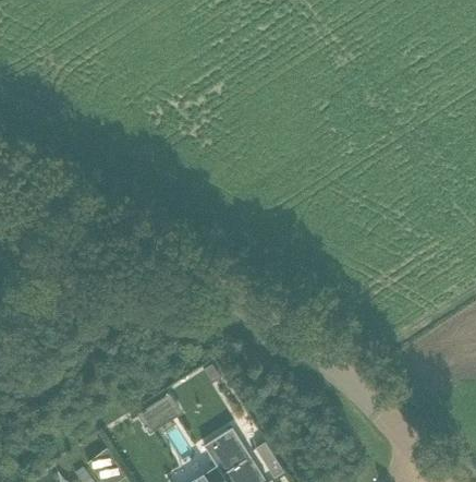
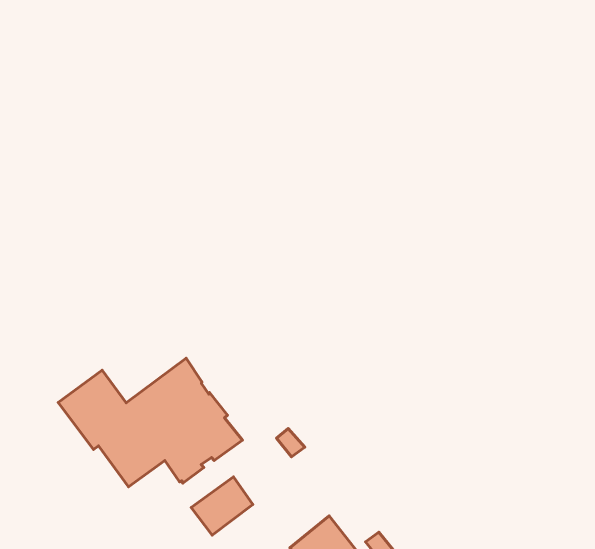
building: none -> [58,358,242,487]

